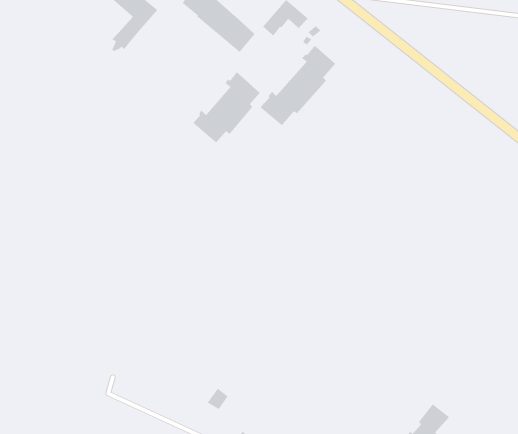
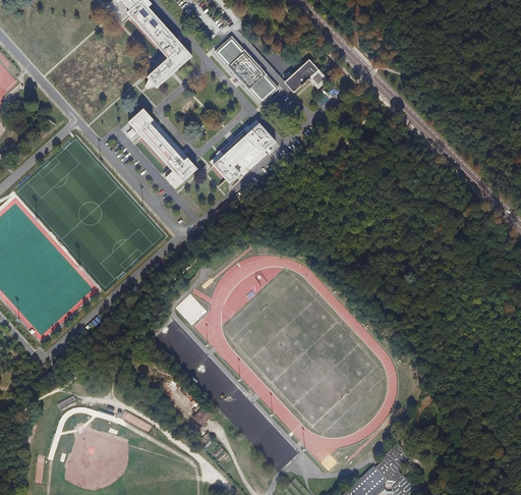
building: [260,45,336,126] -> none
building: none -> [128,108,196,187]

